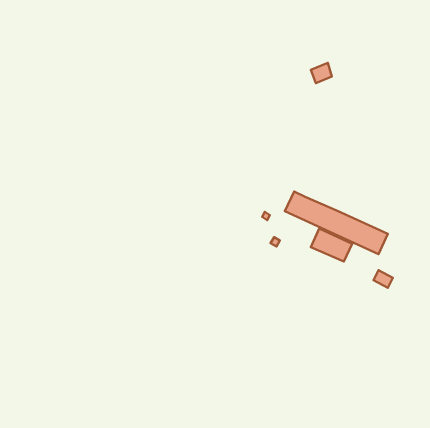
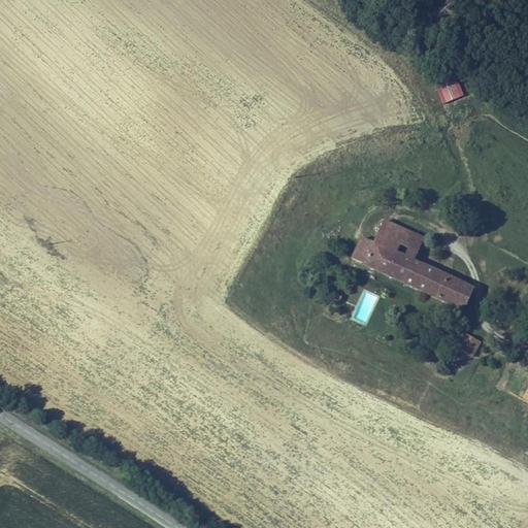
building: [311,63,332,83] -> [438,76,464,101]
building: [311,229,352,261] -> [374,218,425,258]

